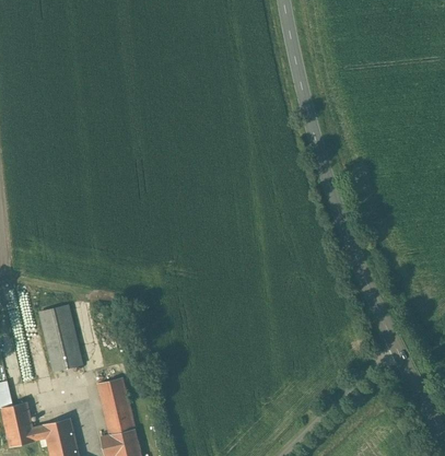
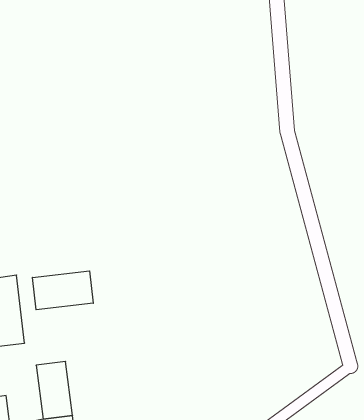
building: none -> [32,271,93,310]

